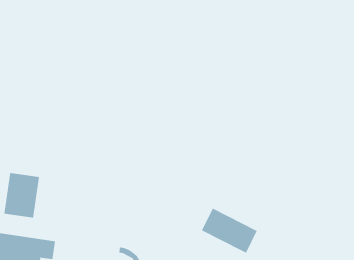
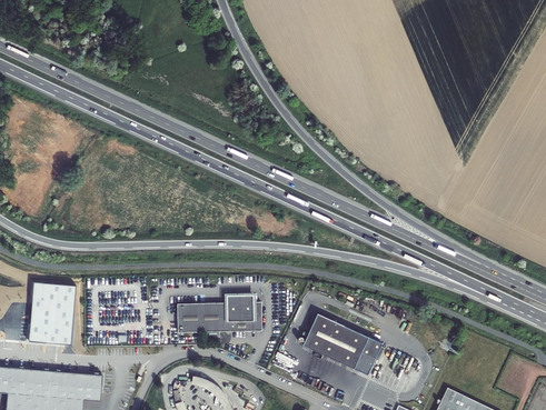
building: none -> [176,296,260,332]

